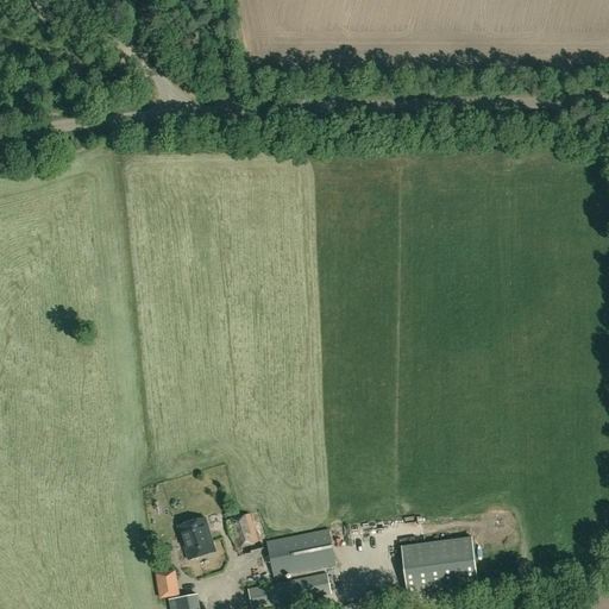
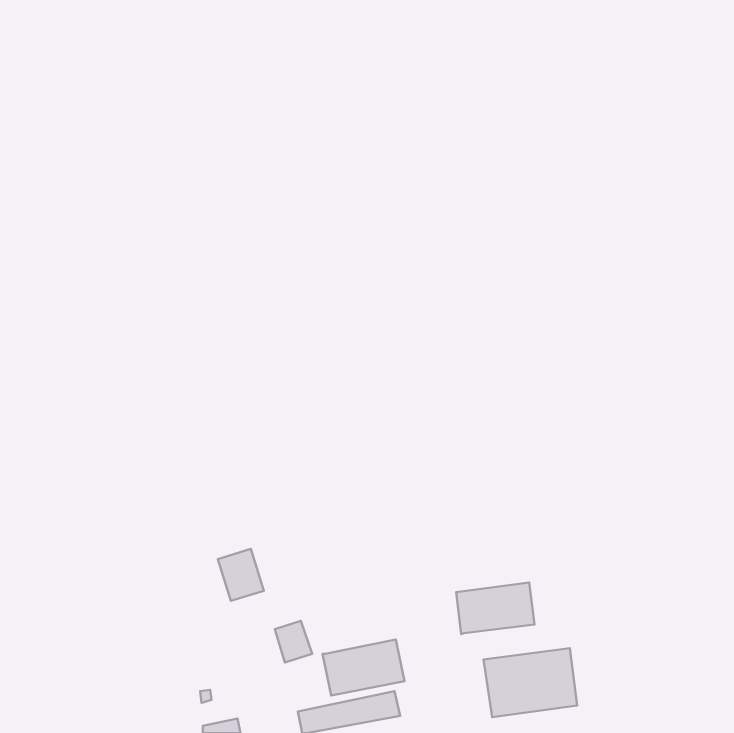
building: none -> [456,583,534,634]
building: [177,515,215,558] -> [218,549,264,601]

